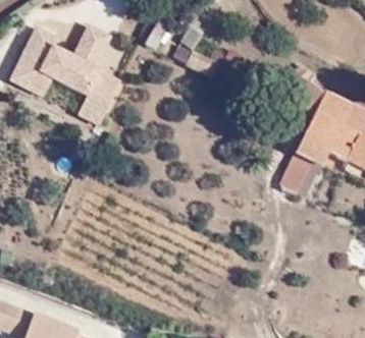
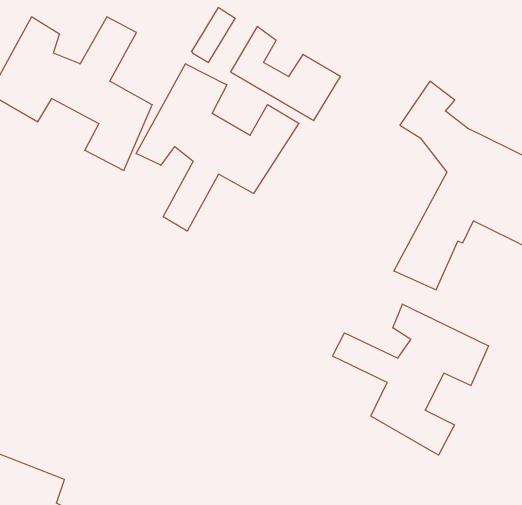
building: none -> [136,64,299,231]
building: none -> [333,304,489,455]

